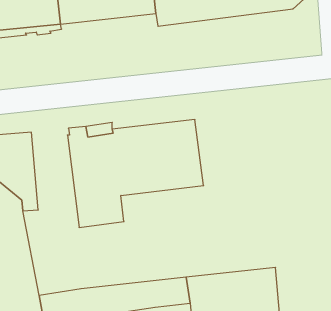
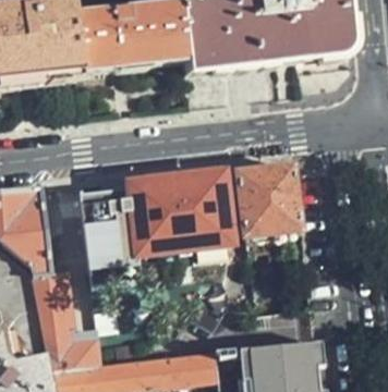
building: none -> [242,157,311,236]
building: none -> [35,275,100,371]

